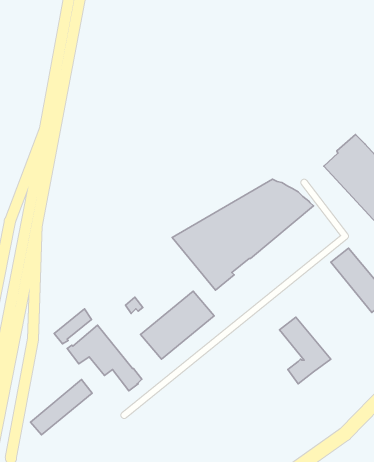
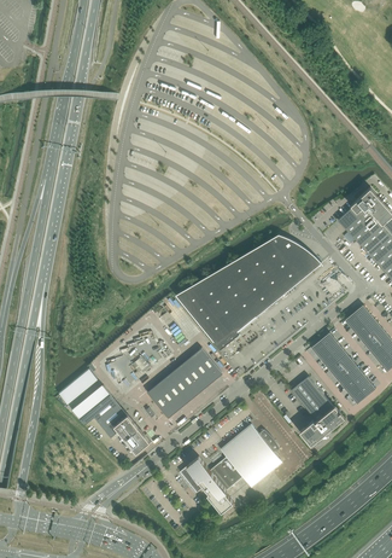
building: none -> [309,332,374,403]
building: none -> [177,424,281,512]
building: [31,379,92,435] -> none

